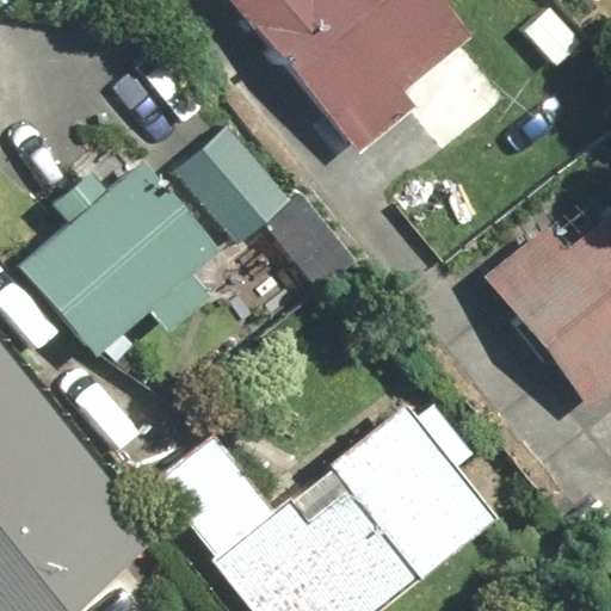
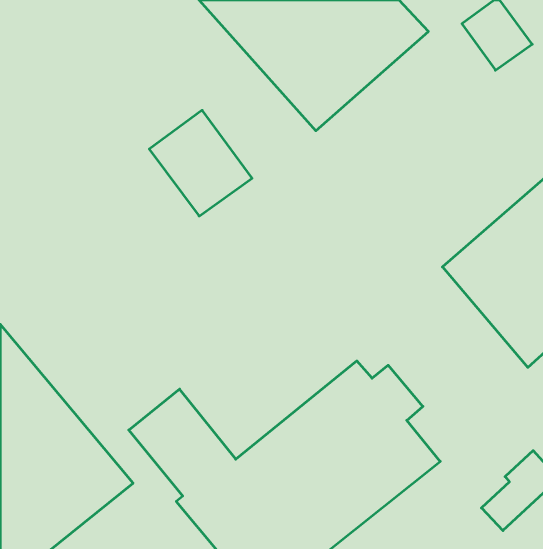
building: [17,147,222,357] -> none

